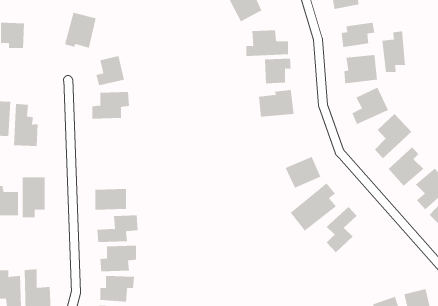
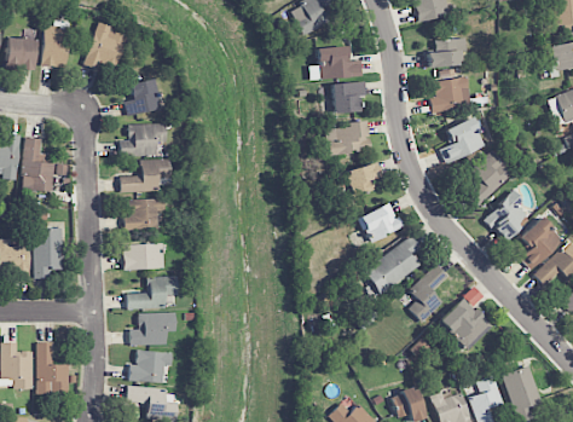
building: none -> [42,25,69,67]
building: [382,31,406,73] -> none
building: none -> [120,158,172,191]
building: none -> [343,161,380,196]
building: none -> [125,198,164,230]
building: none -> [439,296,492,349]

